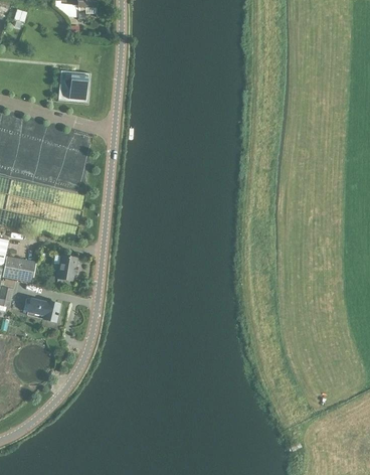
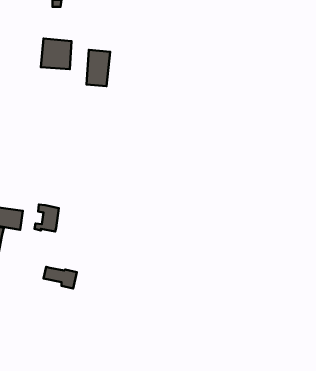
building: none -> [86,50,110,86]
building: [20,296,57,320] -> [43,267,77,288]

